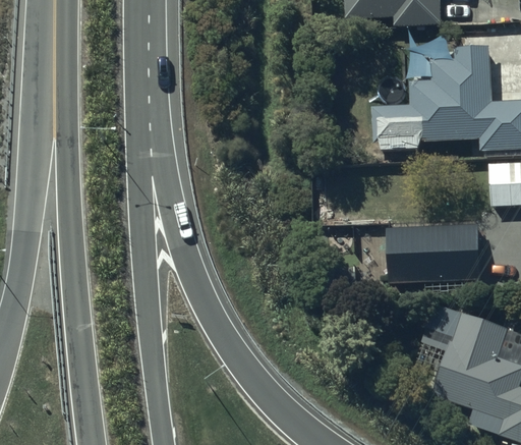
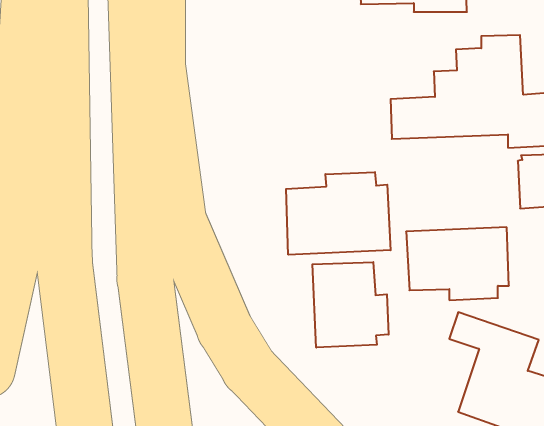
building: none -> [286,172,391,255]
building: none -> [312,262,389,348]

